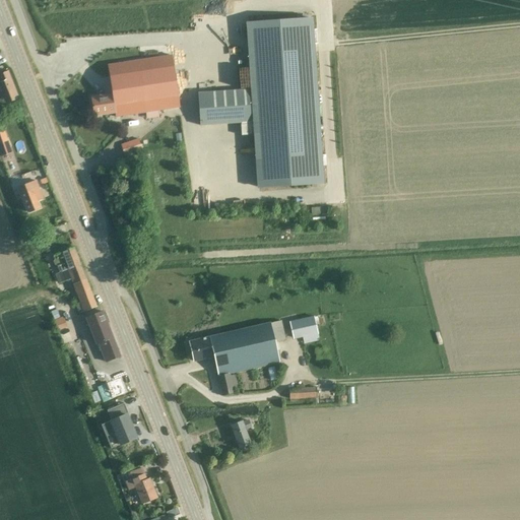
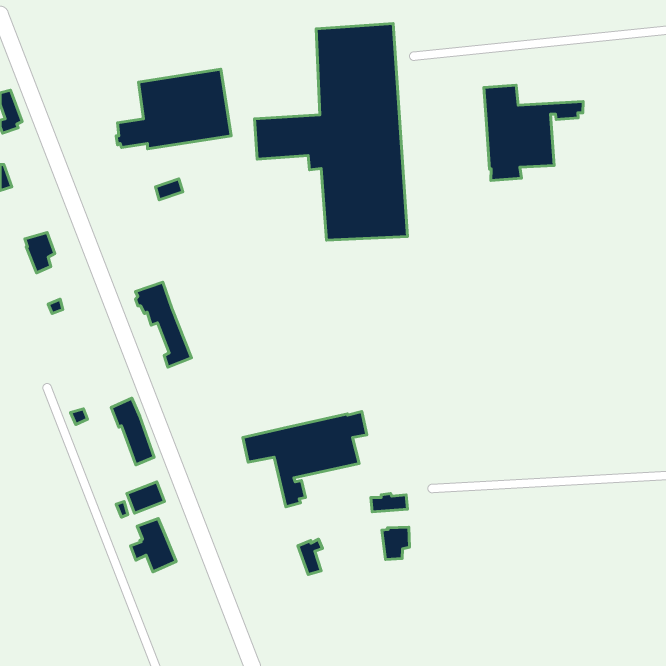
building: none -> [484,85,583,180]
building: [54,247,98,313] -> [135,282,192,367]
building: [289,315,325,337] -> none
building: none -> [382,527,410,560]
building: [126,467,157,503] -> none

